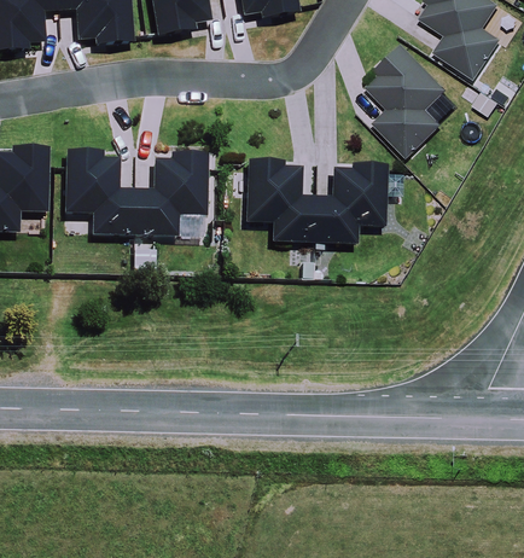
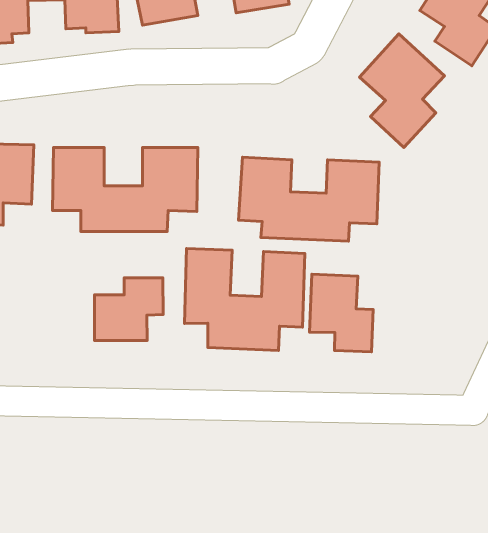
building: none -> [184,248,305,351]
building: none -> [309,274,373,352]
building: none -> [94,278,163,340]

